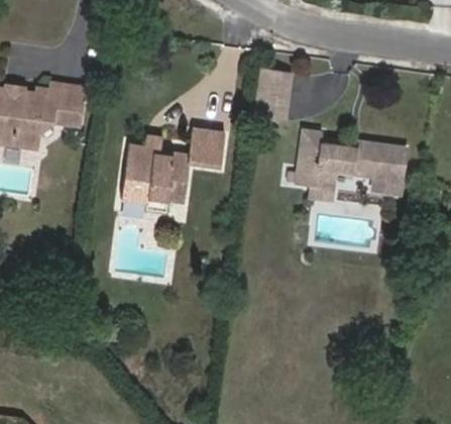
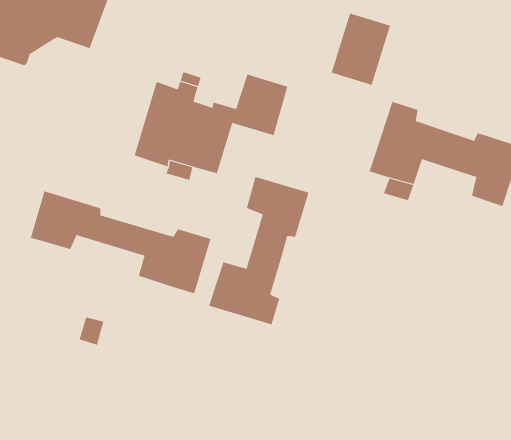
building: none -> [208,176,309,325]
building: none -> [30,191,211,294]

